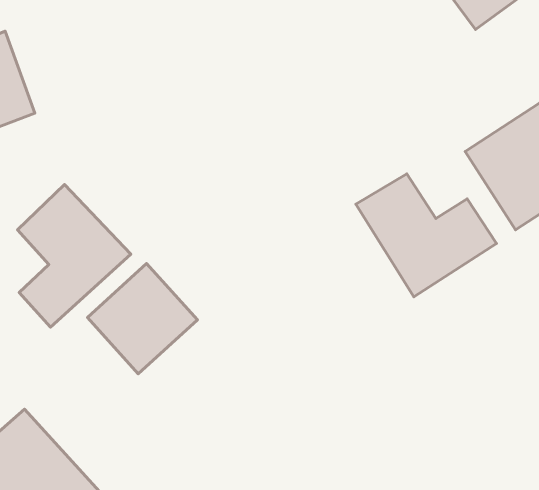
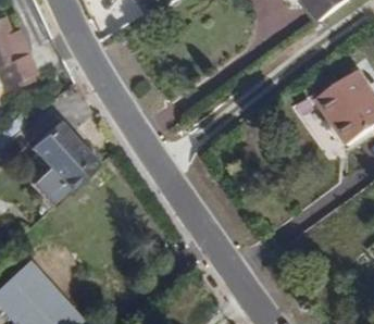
building: [356,174,496,297] -> none
building: [87,264,197,374] -> none

